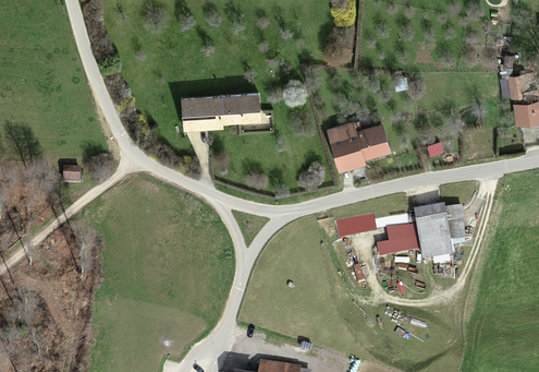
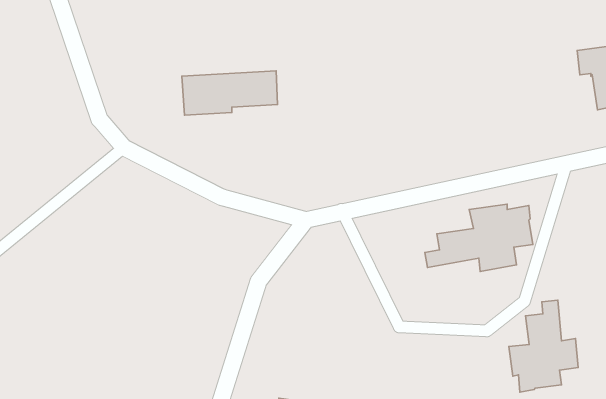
building: [328,123,390,172] -> none
building: none -> [509,300,578,392]

